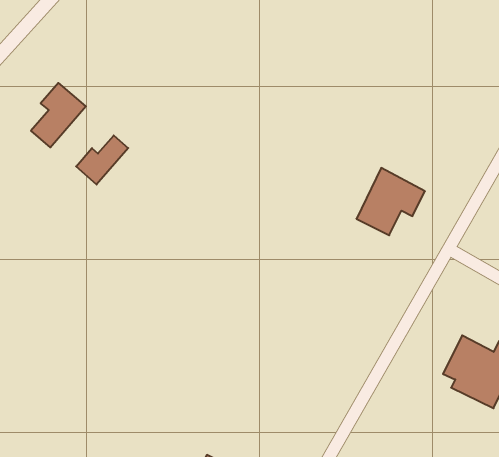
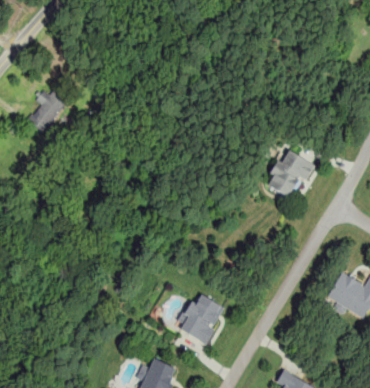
building: [76,135,128,185] -> none
building: none -> [175,294,227,345]

